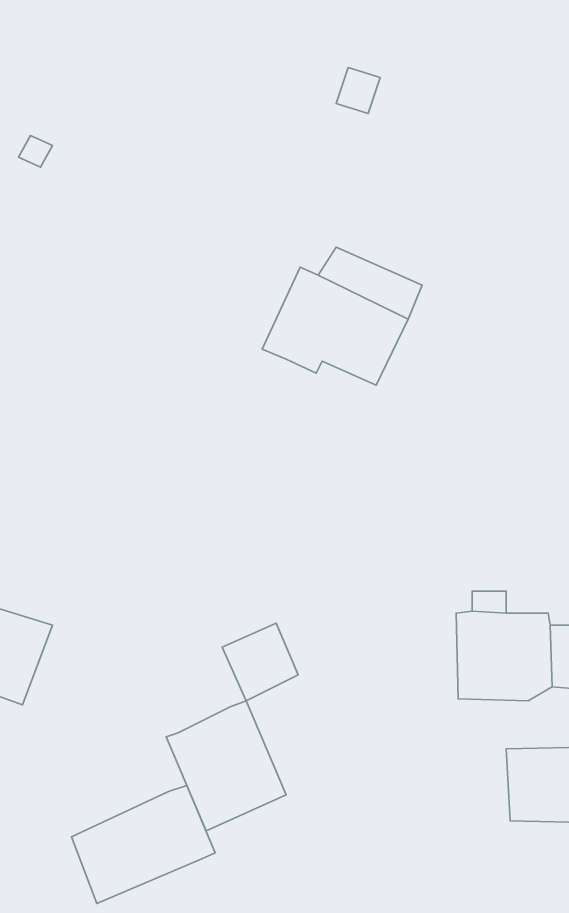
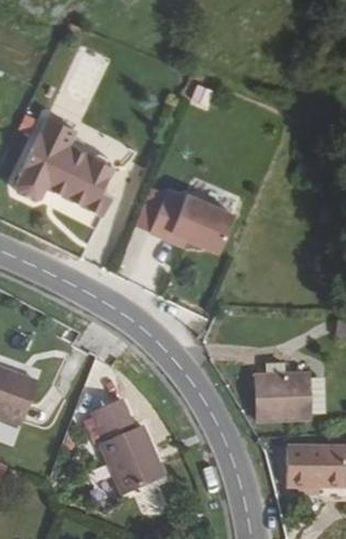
building: none -> [13,117,111,215]
building: [222,623,298,701] -> [91,397,133,440]
building: [72,785,215,904] -> none

